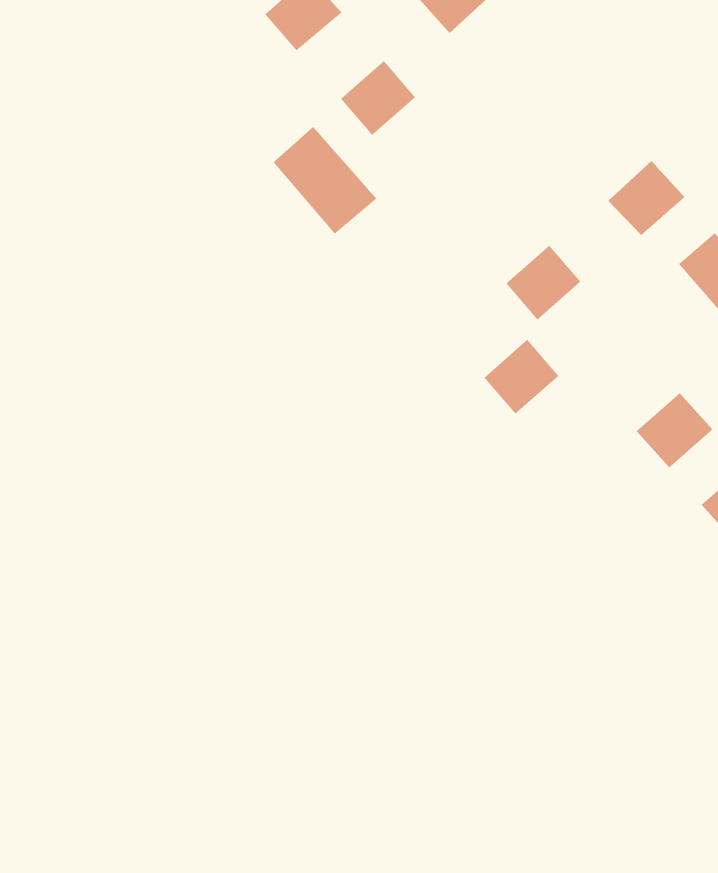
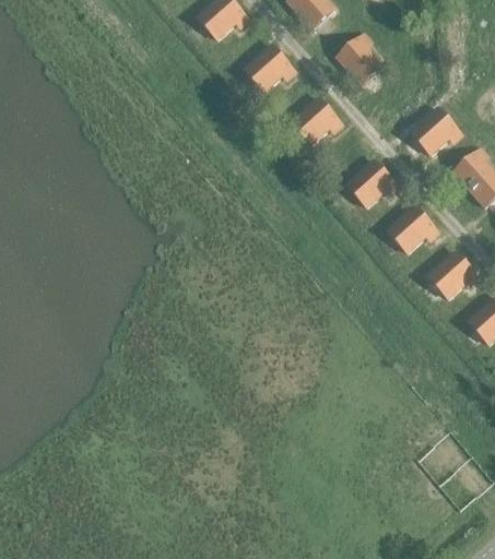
building: none -> [338,37,385,84]
building: [273,126,377,235] -> none
building: none -> [292,97,339,144]
building: [483,339,559,415] -> [388,205,435,252]

